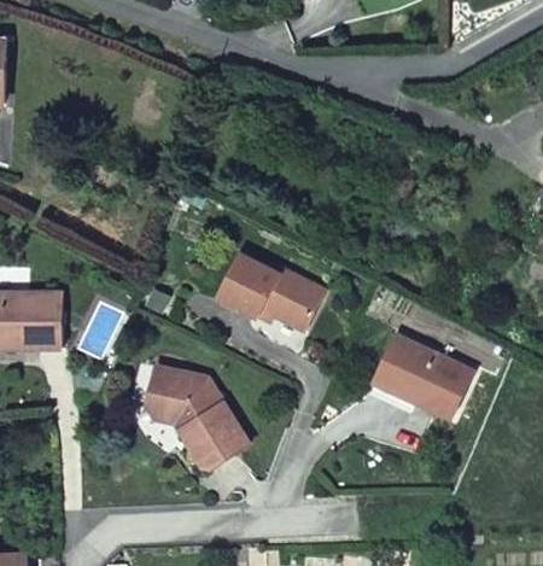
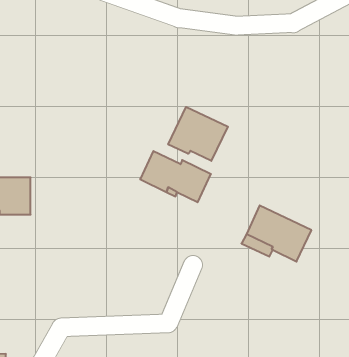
building: none -> [168,107,228,161]
building: [145,369,250,471] -> none

